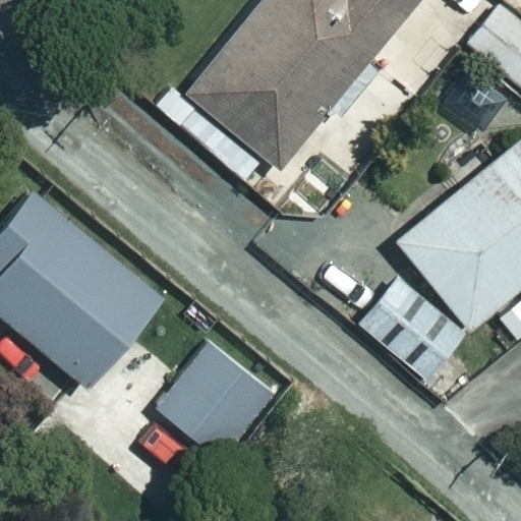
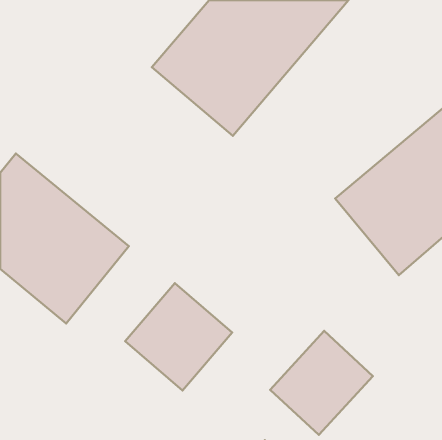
building: [351,275,466,388] -> none
building: none -> [270,331,373,435]

